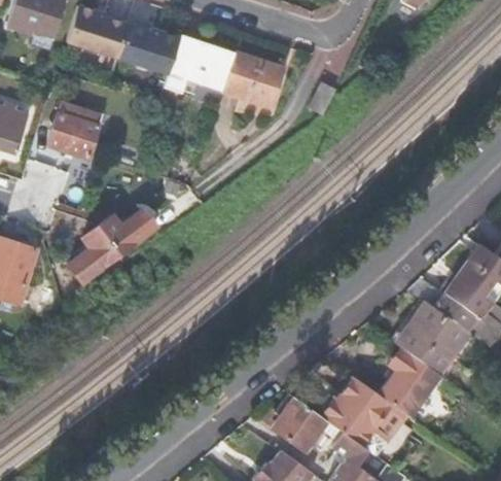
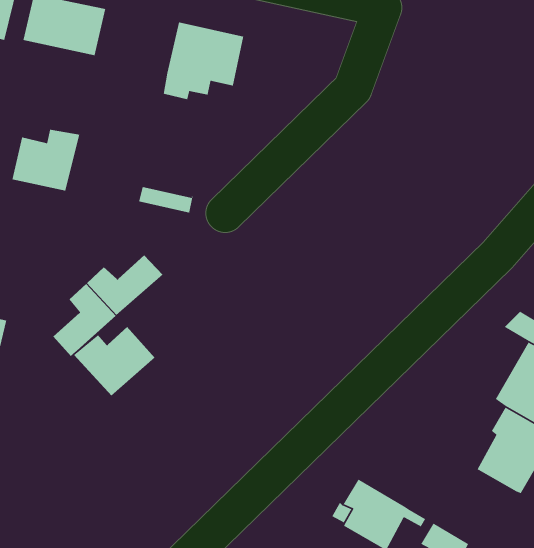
building: [119,24,183,76] -> none
building: [221,53,282,106] -> none
building: none -> [73,326,155,396]
building: [322,377,406,445] -> none

